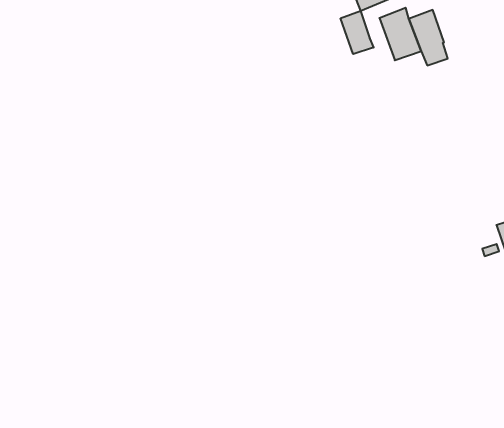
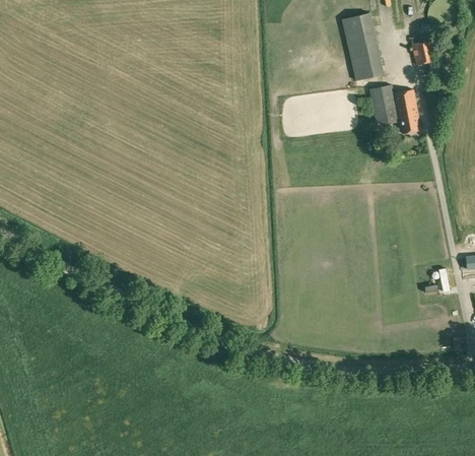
building: [341,11,374,54] -> none

